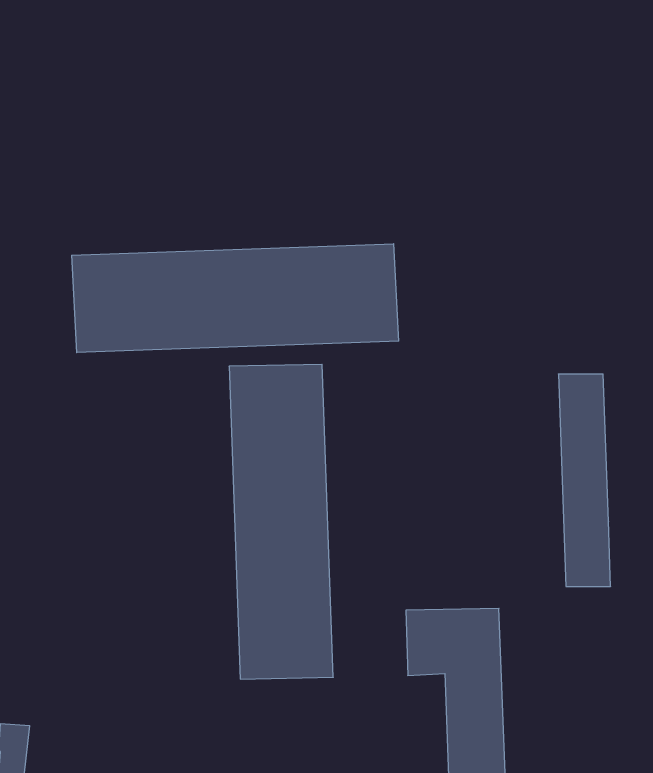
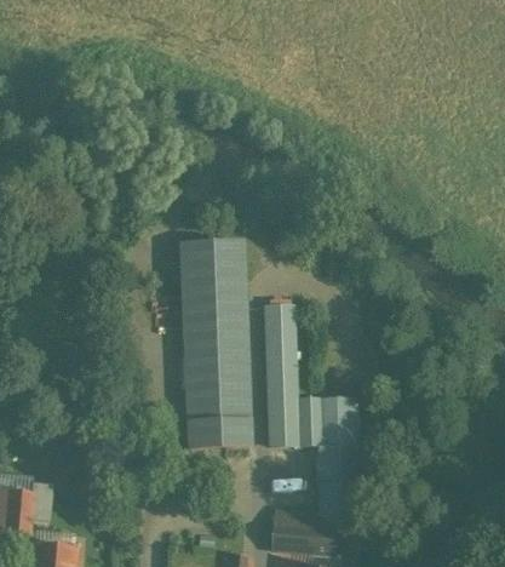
building: [72,244,399,353] -> none
building: [558,374,611,586] -> [264,305,298,443]

